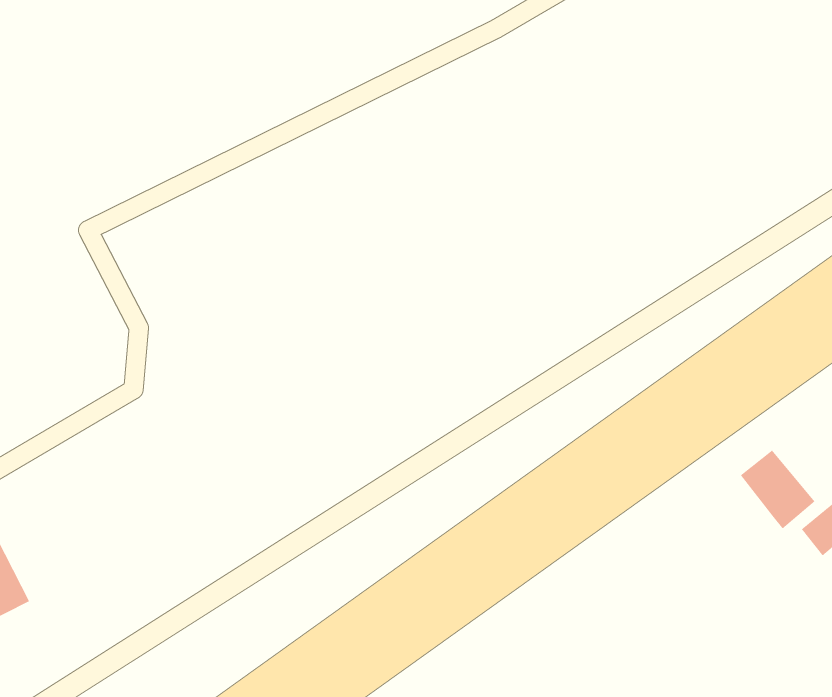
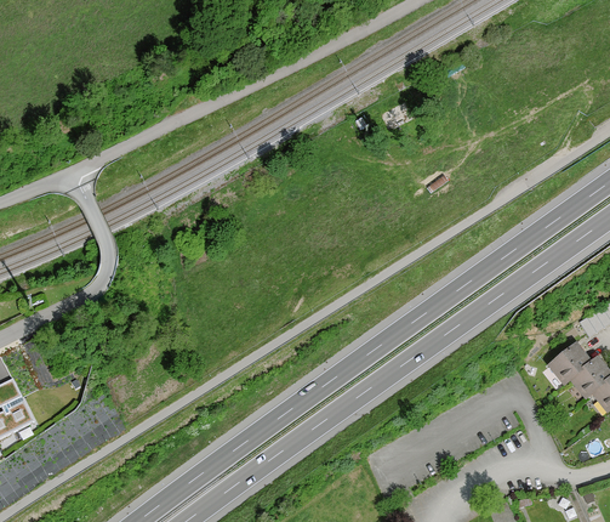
building: [740,449,815,529] -> none

